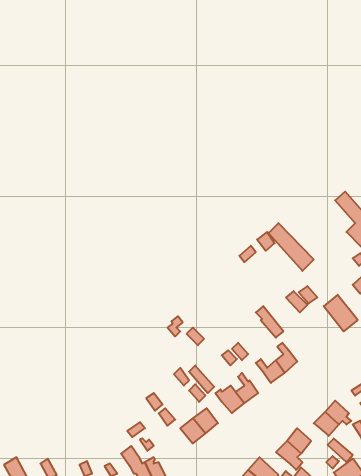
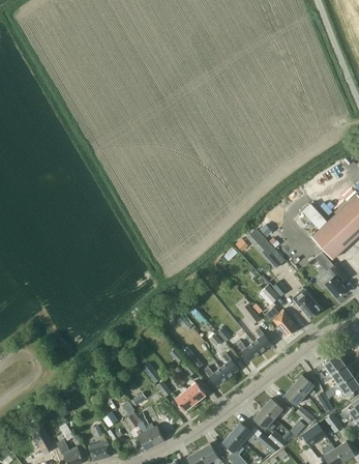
building: none -> [264,307,298,337]

